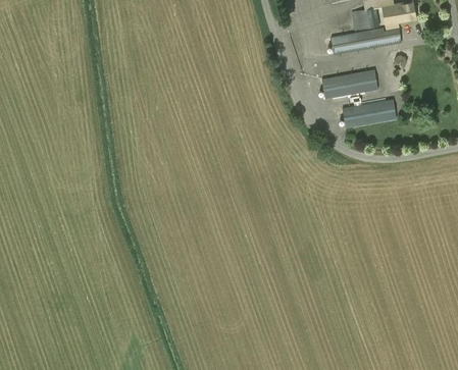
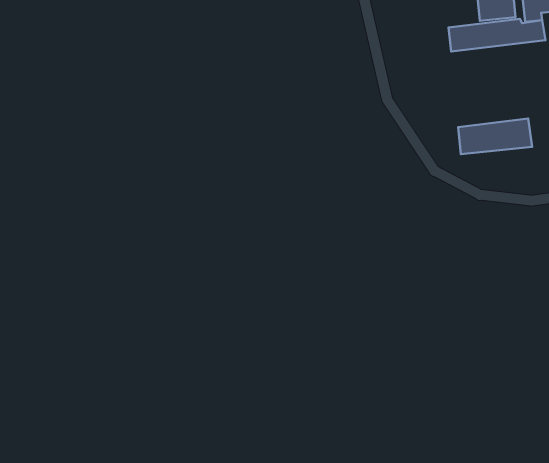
building: [322,69,378,99] -> none

